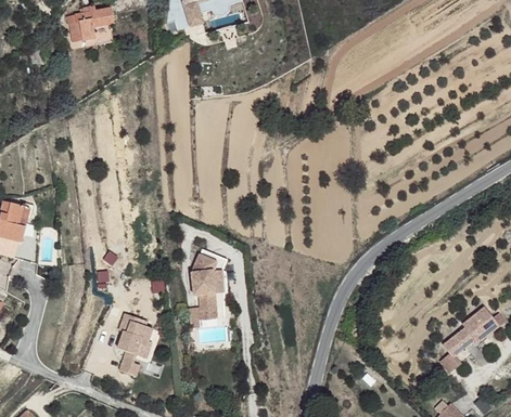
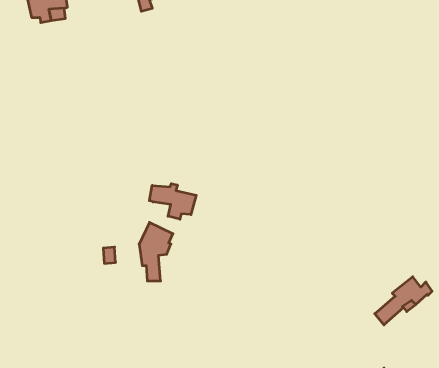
building: none -> [149,184,196,219]
building: [115,315,150,377] -> none

